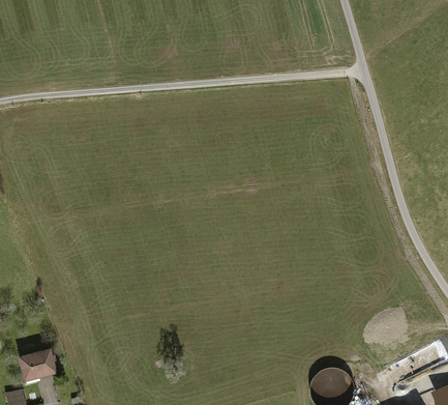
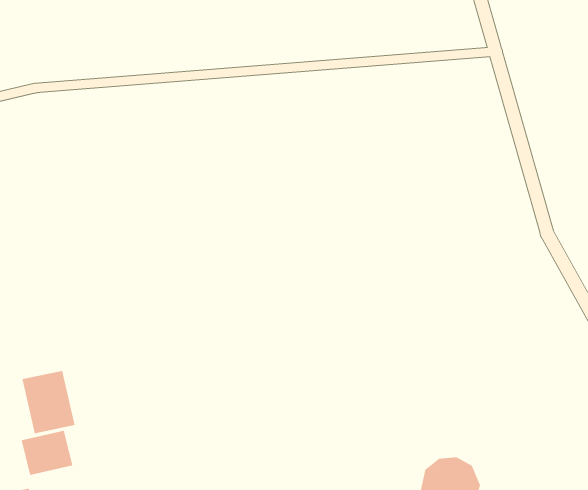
building: none -> [22,370,75,434]

